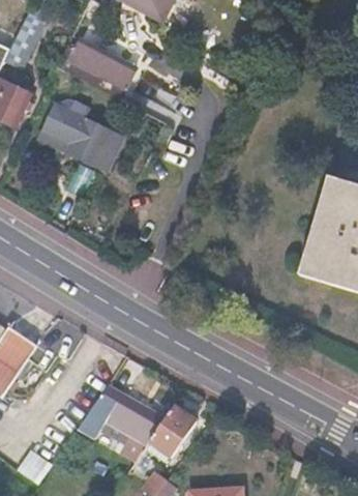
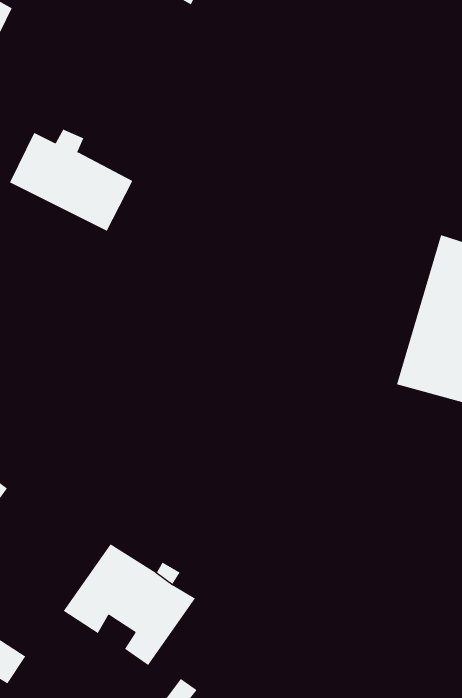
building: [57,42,135,99] -> none
building: [131,406,200,474] -> none

